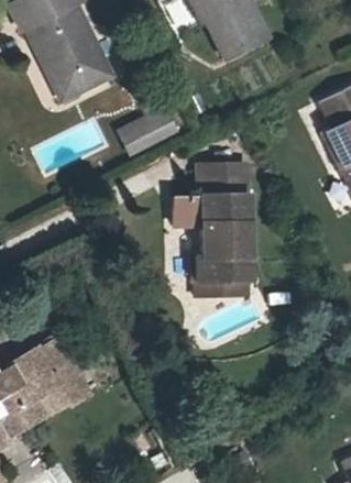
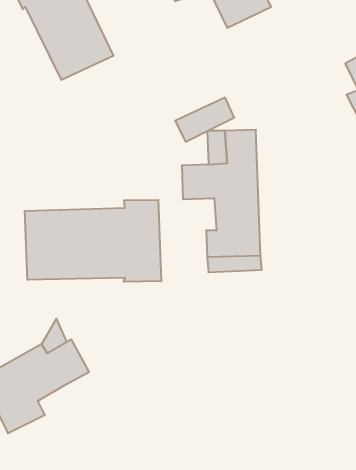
building: [120,100,176,142] -> [175,98,234,142]
building: none -> [25,200,161,282]

